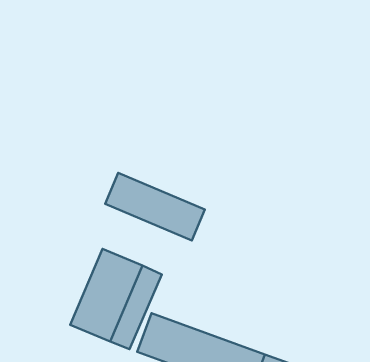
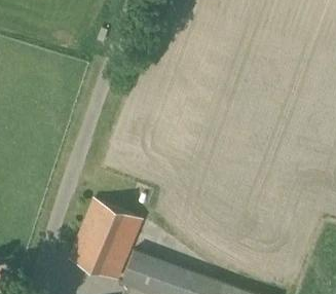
building: [105,173,205,241] -> none

